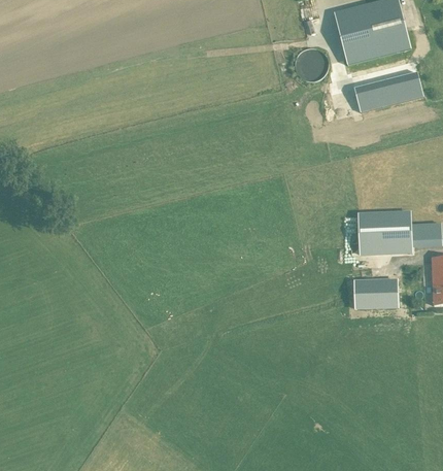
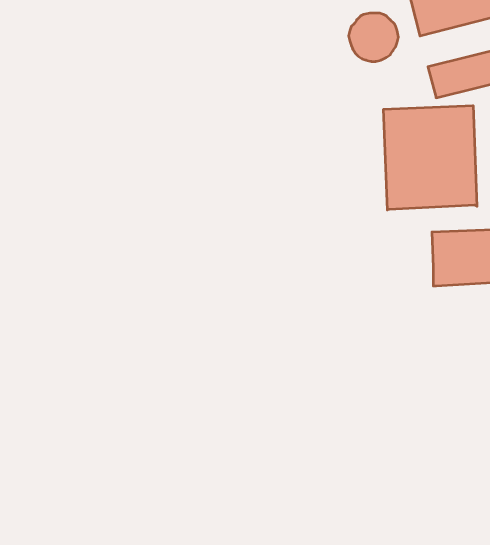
building: none -> [384,106,477,210]
building: [354,280,397,310] -> none

